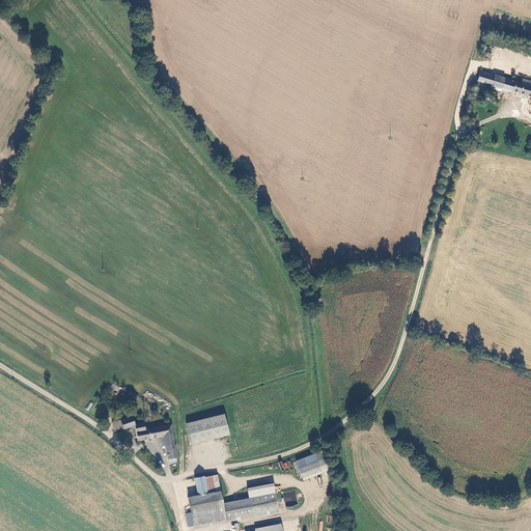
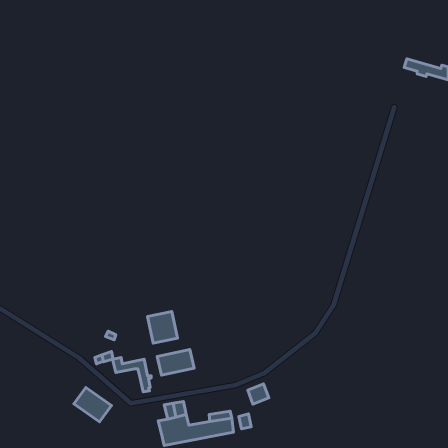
building: none -> [148,312,177,343]
building: none -> [74,387,111,422]

